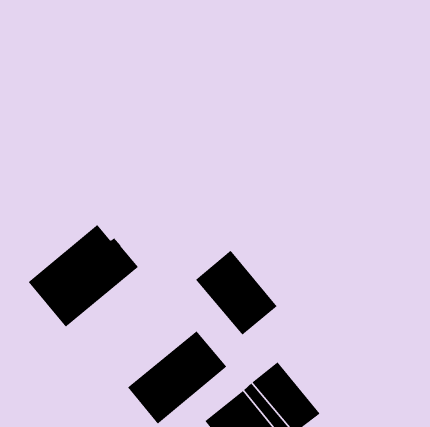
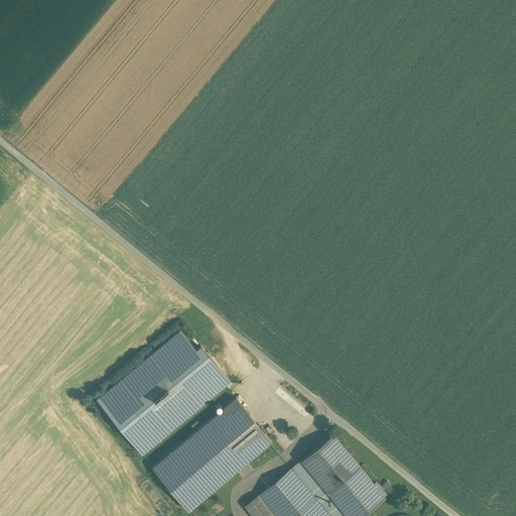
building: [28,224,139,327] -> [97,332,230,456]
building: [195,250,278,336] -> none

